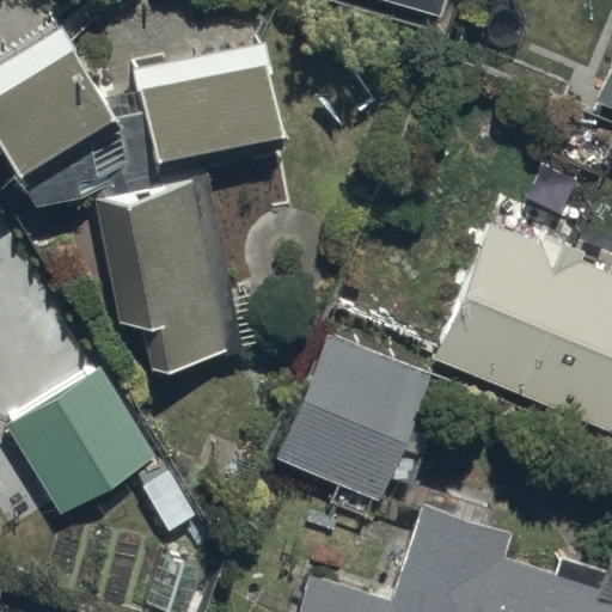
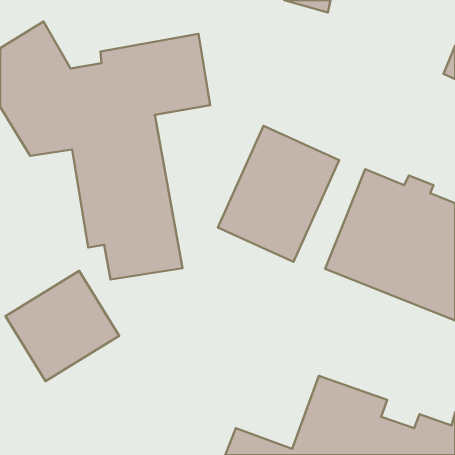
building: none -> [218,126,339,262]
building: [276,333,433,500] -> none

